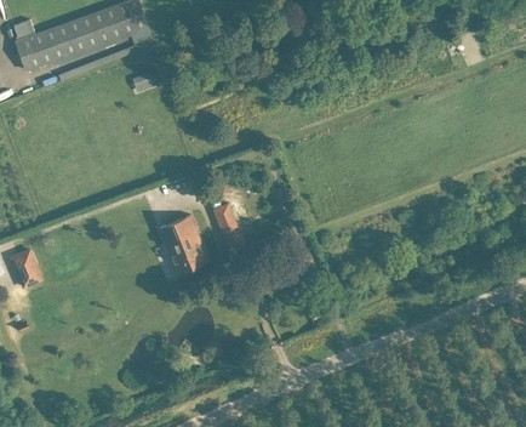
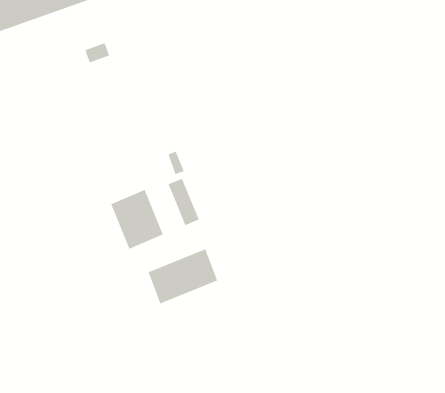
building: none -> [148,248,218,304]

